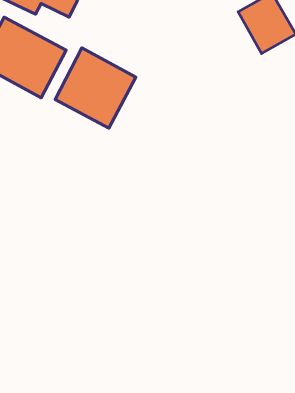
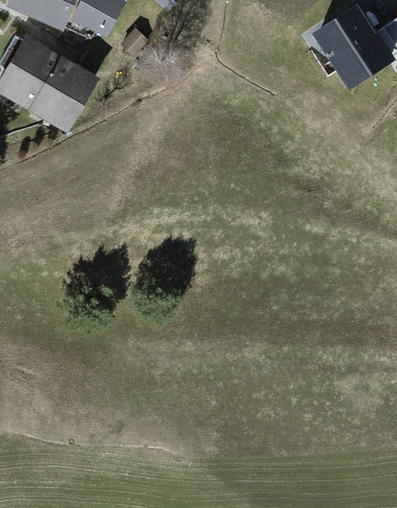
building: [55,48,136,128] -> none

